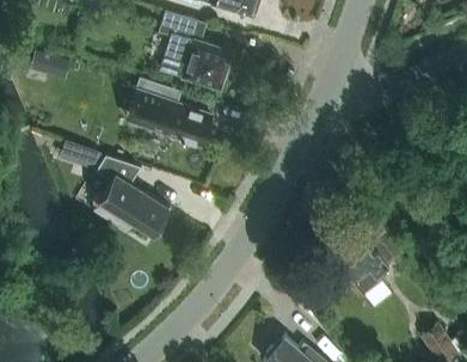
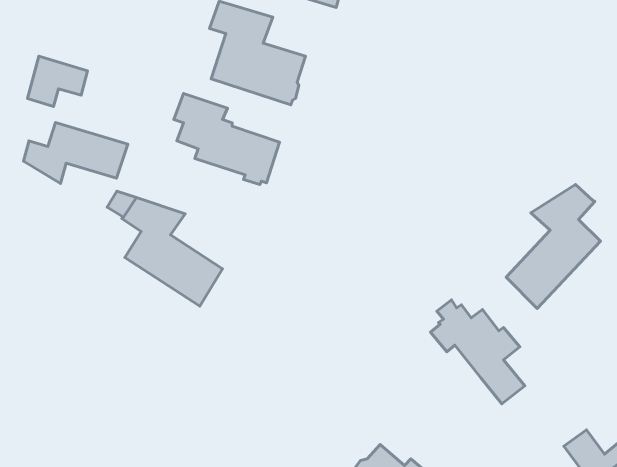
building: none -> [23,123,128,183]
building: none -> [506,184,601,308]

